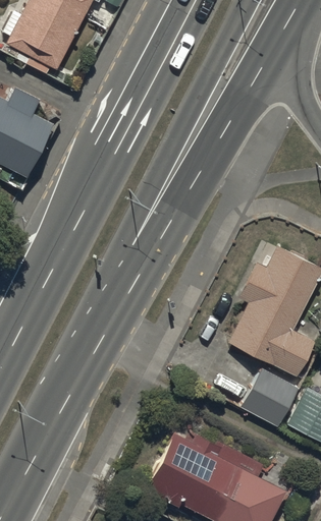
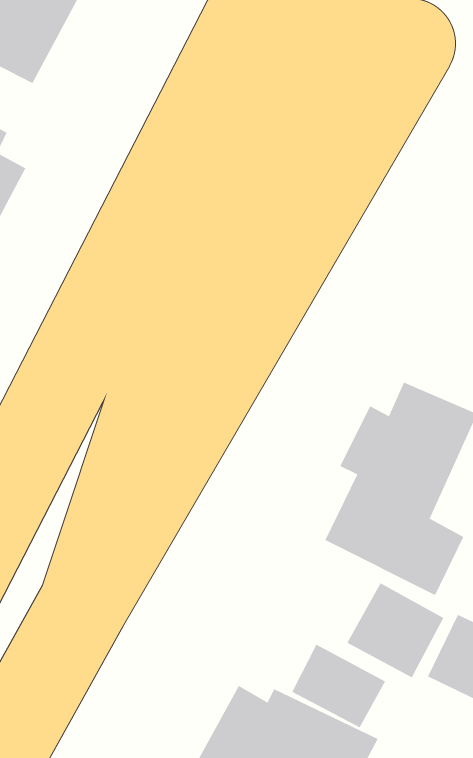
building: none -> [291,644,386,728]

